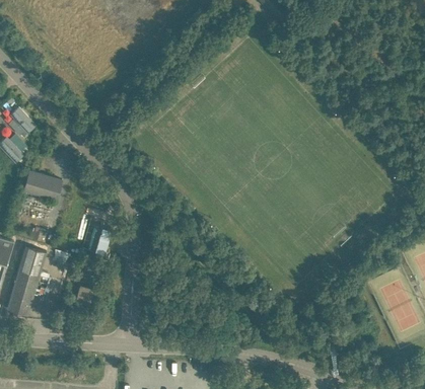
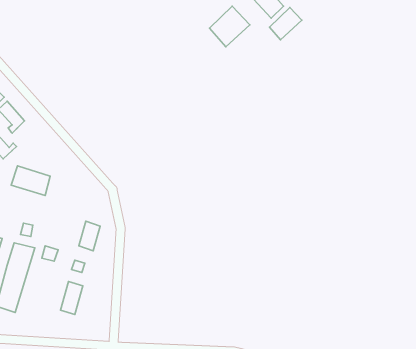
building: none -> [209,6,250,47]
building: none -> [269,8,302,40]

